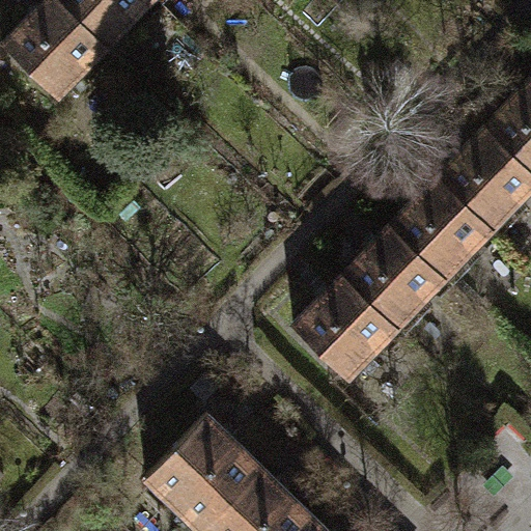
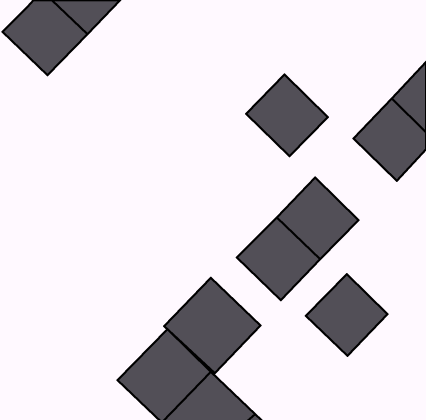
building: [392,179,494,281] -> [246,75,328,156]
building: none -> [306,274,387,356]
building: none -> [164,278,260,373]

